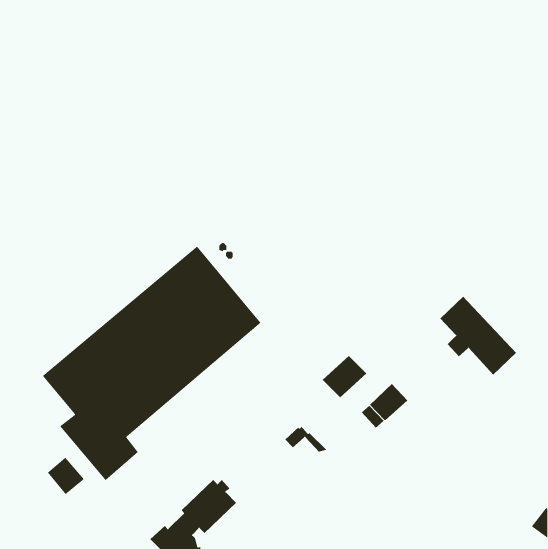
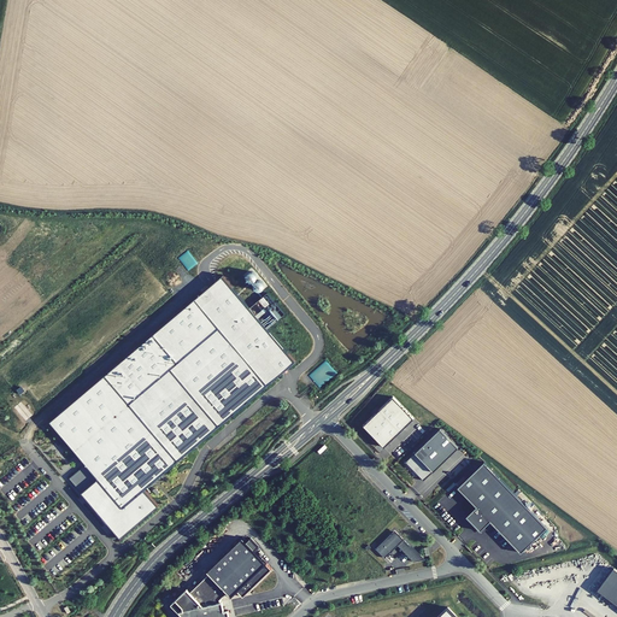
building: [439,296,517,375] -> [458,464,545,553]
building: [284,426,327,452] -> [374,533,422,563]
building: [47,457,85,495] -> none

